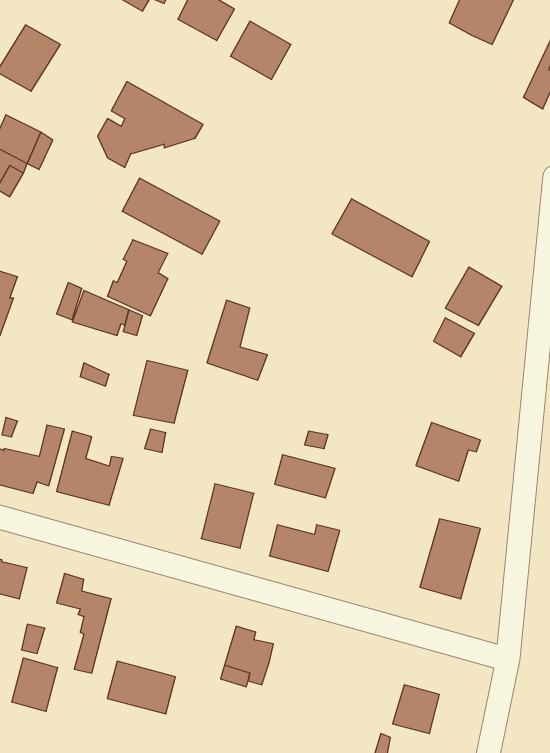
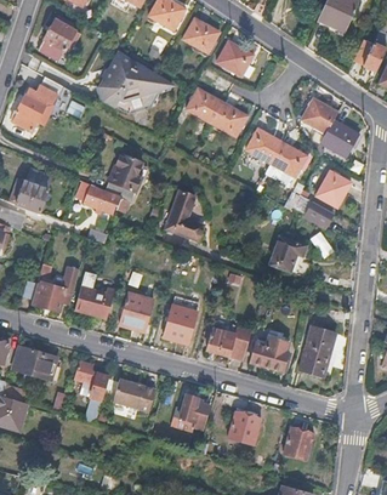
building: none -> [216,41,252,76]
building: none -> [301,98,357,155]
building: [122,178,220,254] -> [186,89,246,136]
building: [133,361,188,423] -> [119,292,153,331]
building: [416,422,480,481] -> [269,237,309,273]
building: [275,455,335,498] -> [250,343,288,370]
building: none -> [227,405,262,448]
building: [12,658,58,712] -> none
building: [107,661,176,714] -> [114,379,156,411]

